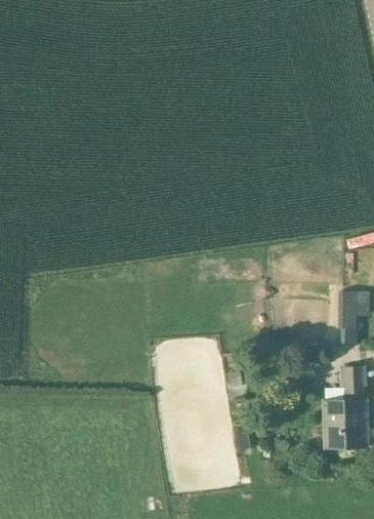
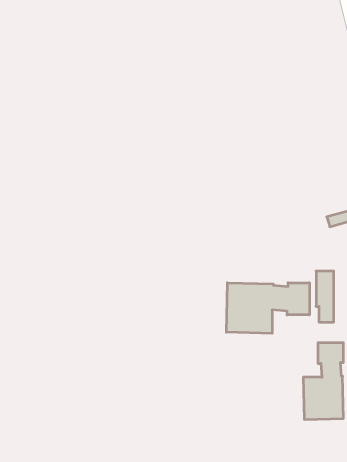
building: none -> [226,283,309,333]

